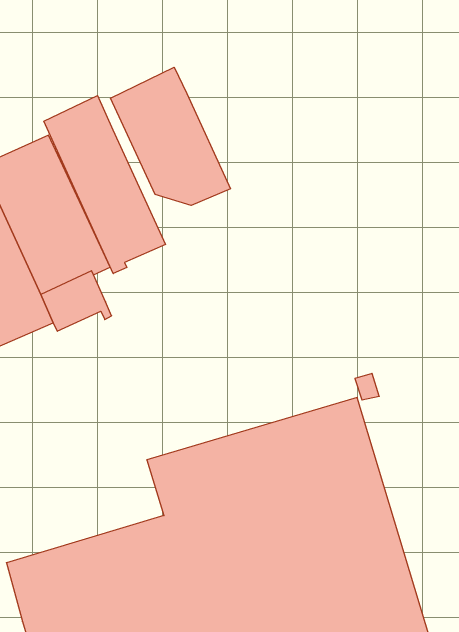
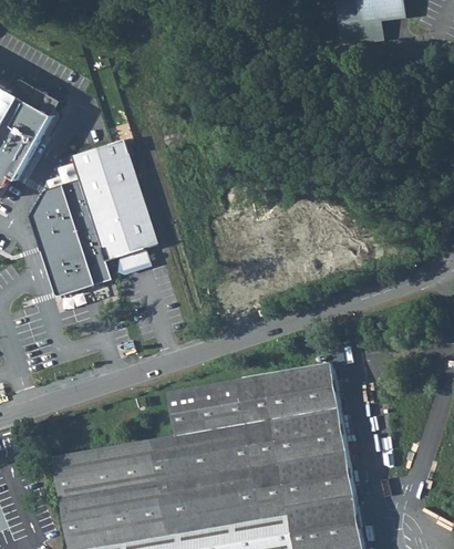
building: [111,67,231,205] -> none
building: [44,96,165,274] -> none

